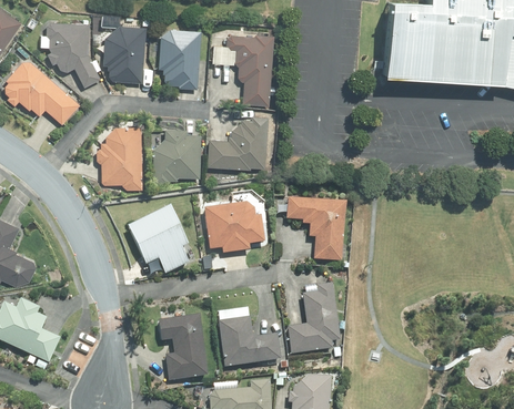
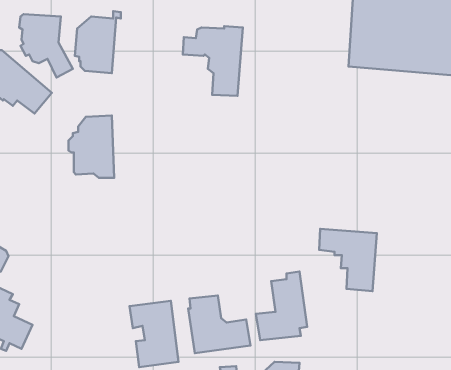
building: [159,28,209,88] -> none
building: [208,114,269,168] -> none
building: [153,127,200,183] -> none
building: [288,196,346,259] -> [319,229,377,291]
building: [205,203,264,252] -> none
building: [129,205,188,270] -> none

